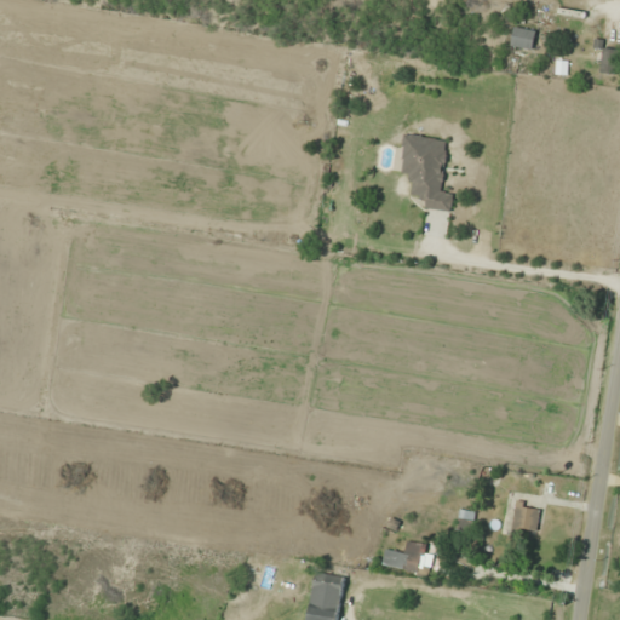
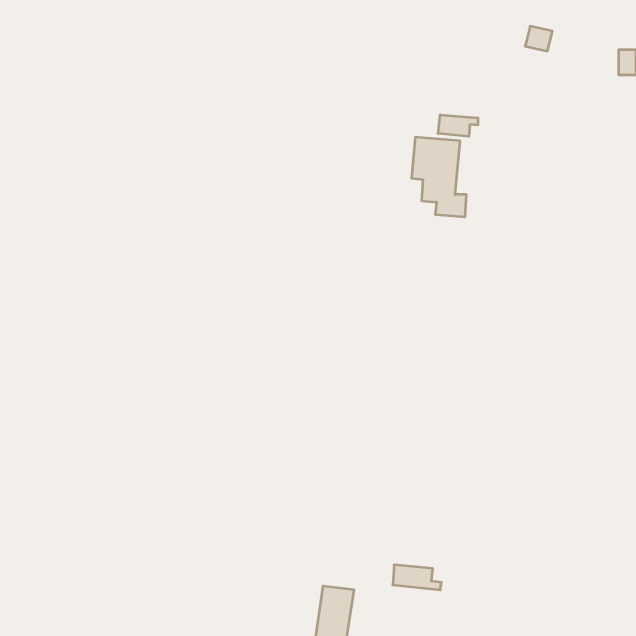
building: none -> [438,115,478,136]
building: [511,503,540,533] -> none

